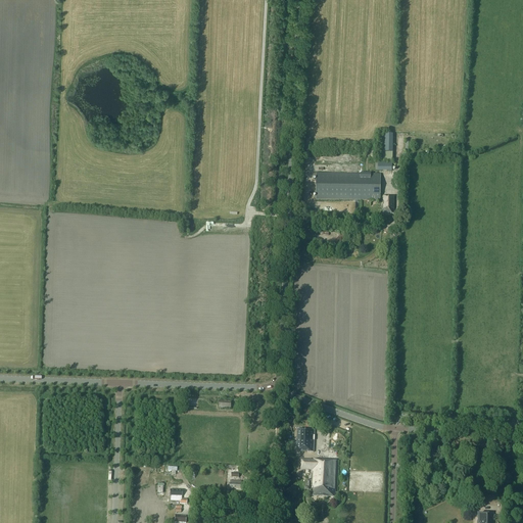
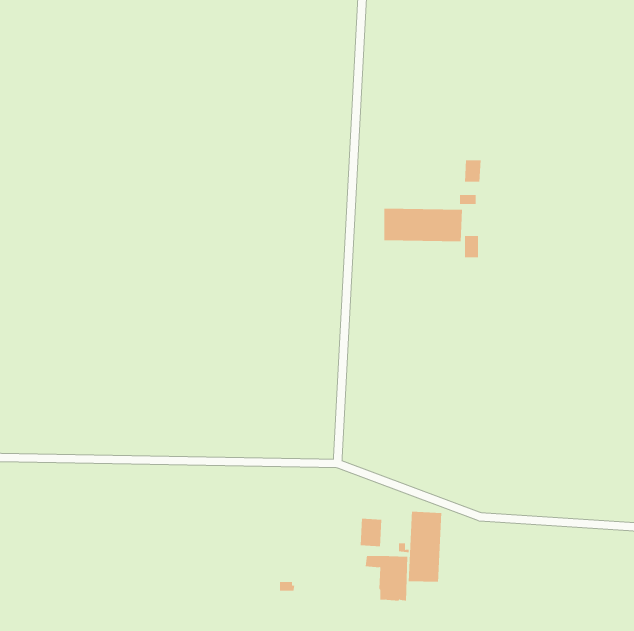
building: none -> [408,511,442,582]

